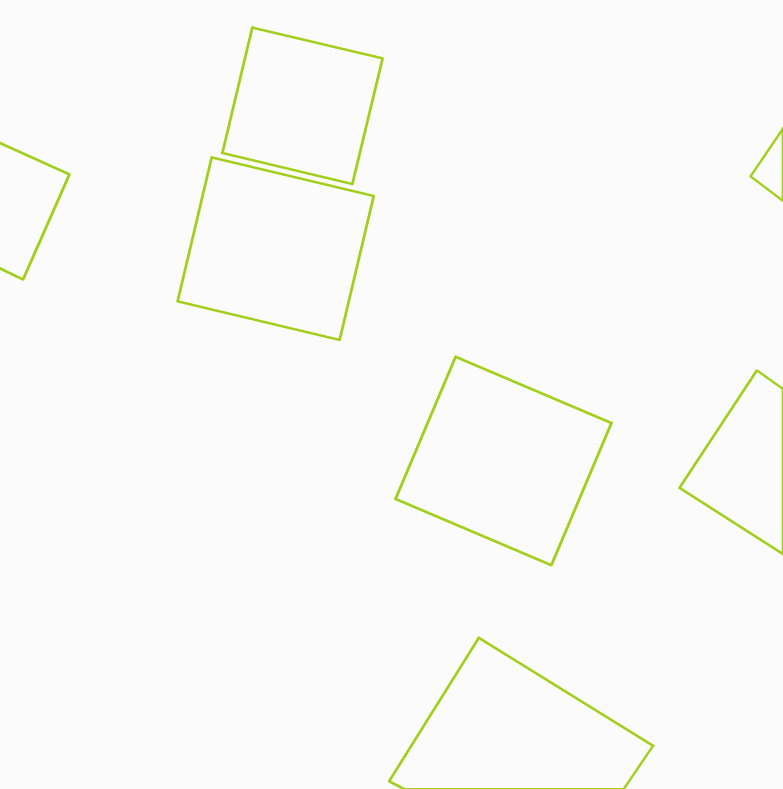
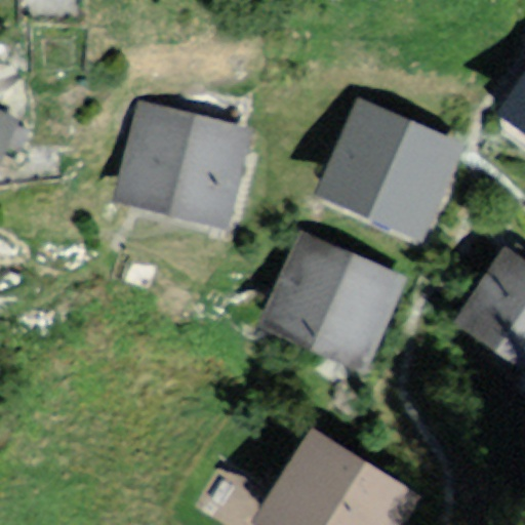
building: [222,27,382,184] -> none
building: none -> [307,91,463,245]

